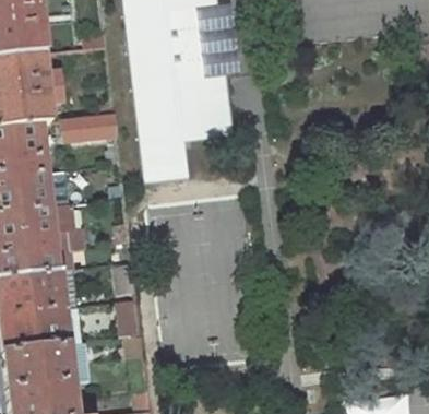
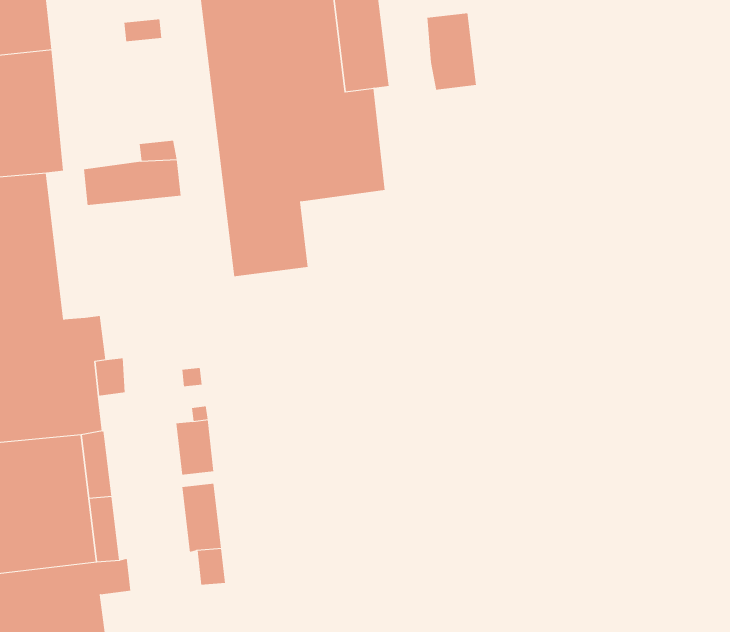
building: none -> [427,12,477,90]

